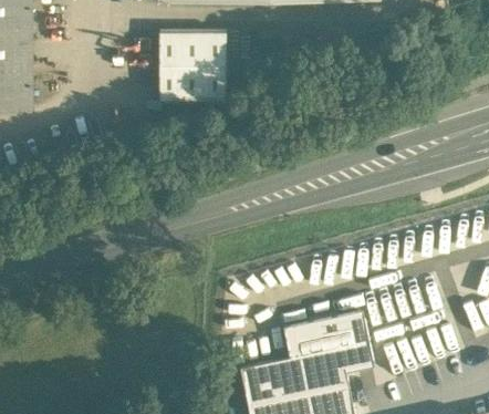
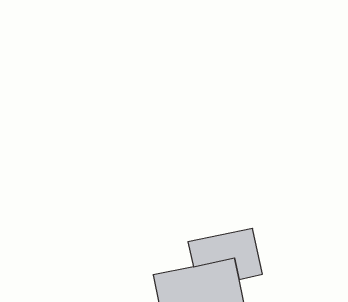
building: [158,33,225,100] -> none

